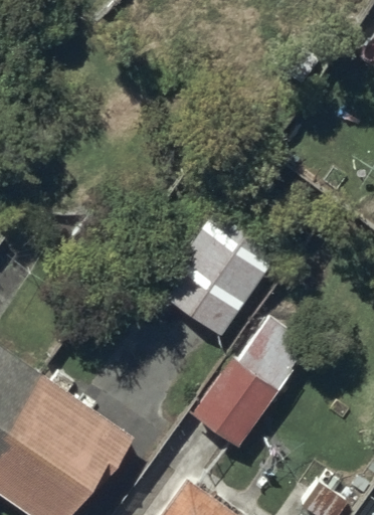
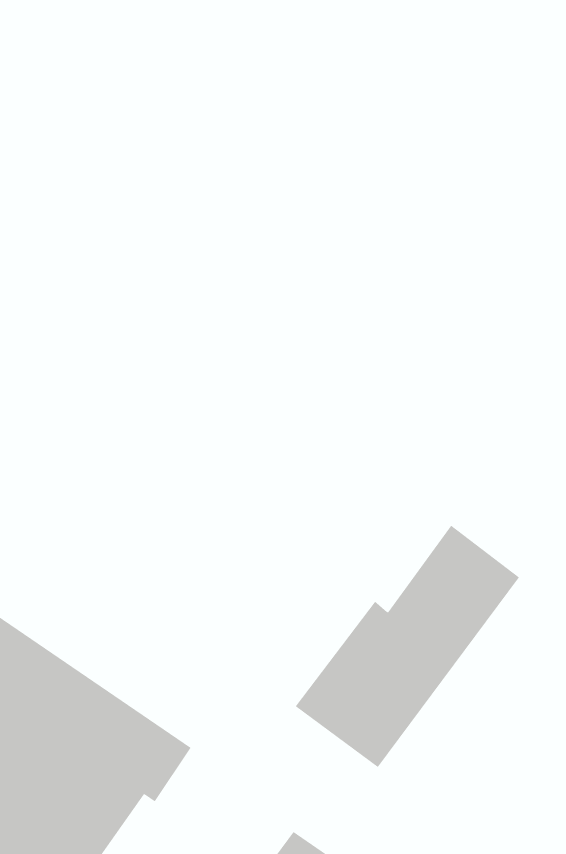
building: [159,209,283,338] -> none

